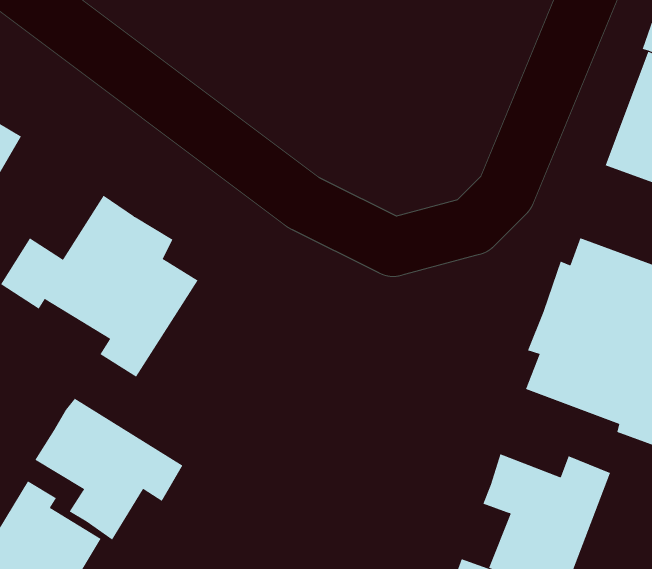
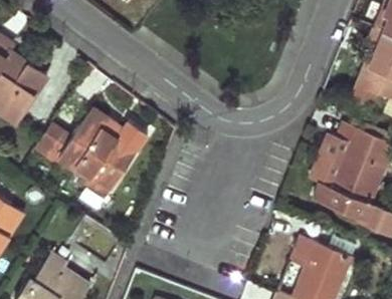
building: [35,398,183,540] -> none

